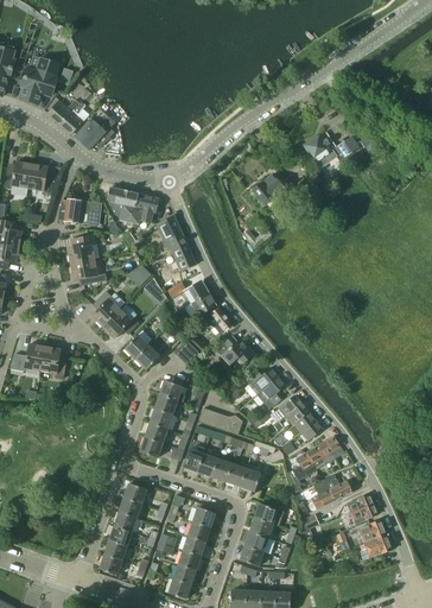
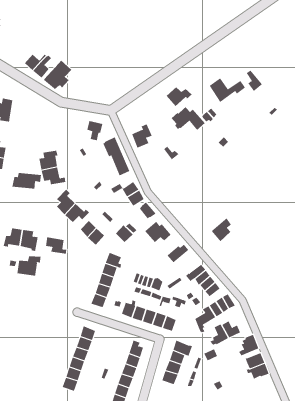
building: [20,56,58,103] -> none
building: none -> [166,87,193,107]
building: [27,165,53,196] -> none
building: [107,188,141,224] -> none
building: none -> [131,123,152,149]
building: [57,200,100,223] -> [11,172,42,189]
building: none -> [45,236,67,254]
building: [256,375,286,410] -> [211,218,232,242]
building: none -> [17,255,41,277]

